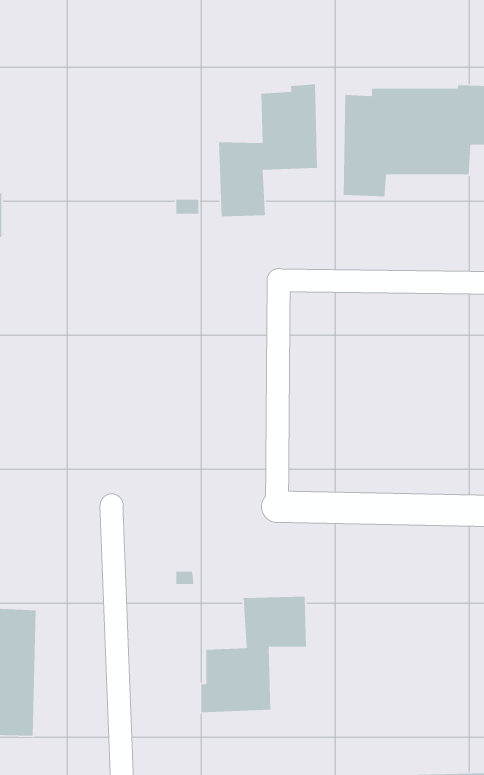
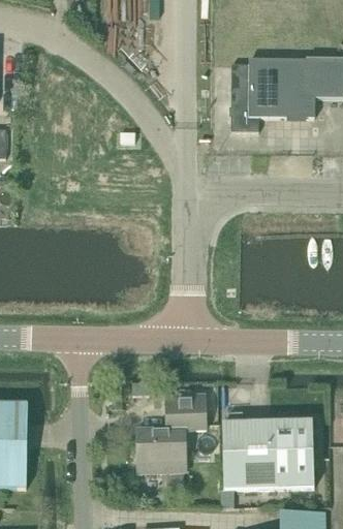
building: [218,84,318,217] -> none
building: none -> [222,421,314,489]

